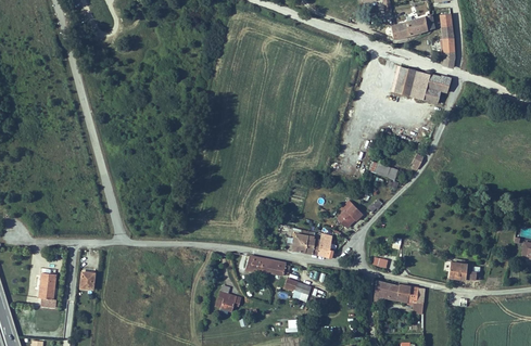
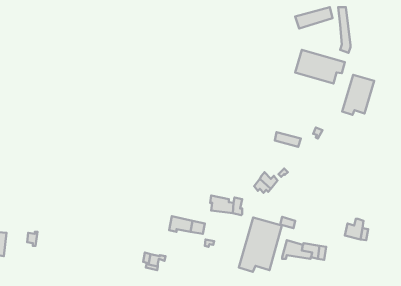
building: none -> [342,75,374,115]
building: none -> [239,218,282,272]

